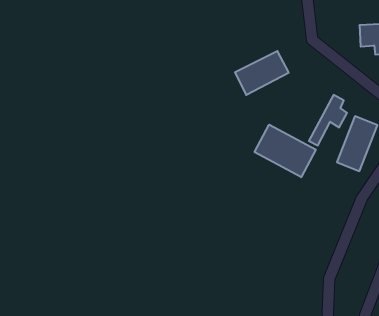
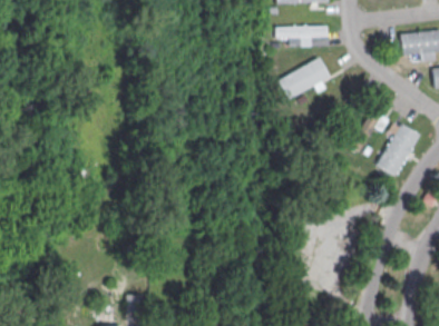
building: none -> [274,27,326,47]
building: [255,125,316,177] -> none

